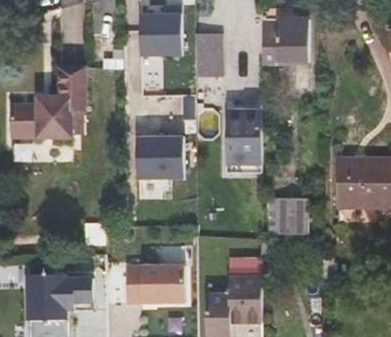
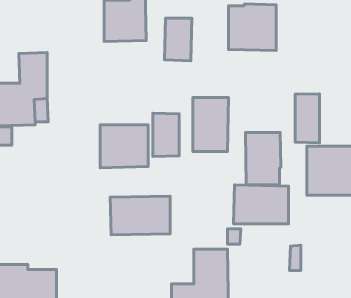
building: none -> [295,94,320,143]
building: none -> [153,113,179,156]
building: none -> [245,132,281,185]
building: [127,265,186,303] -> [110,196,170,235]

